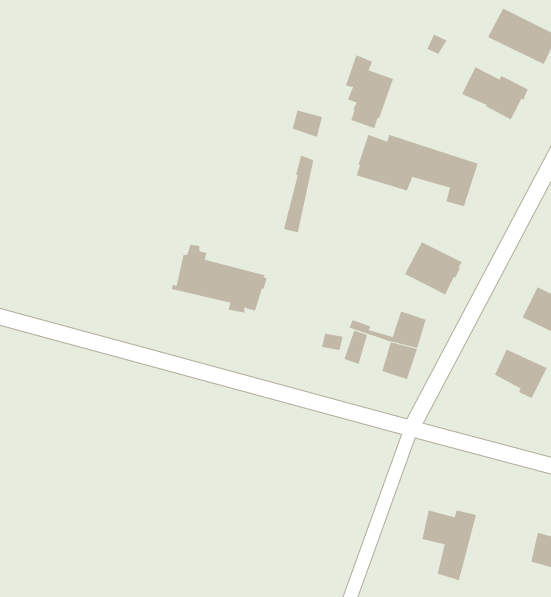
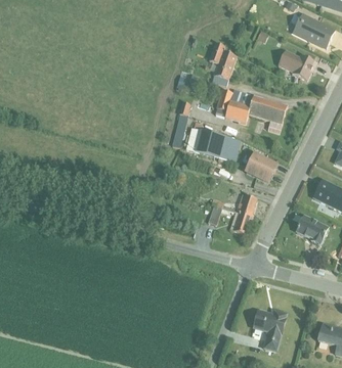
building: [171,244,268,313] -> [184,121,242,162]

